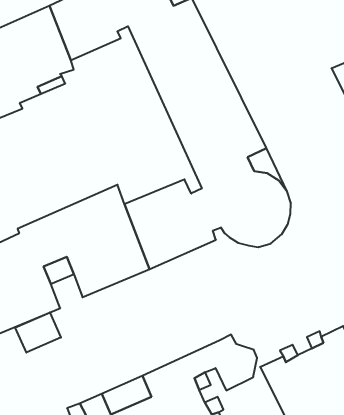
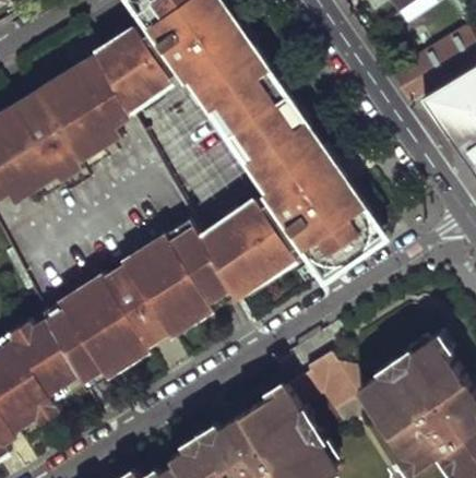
building: [15,312,61,353] -> none

